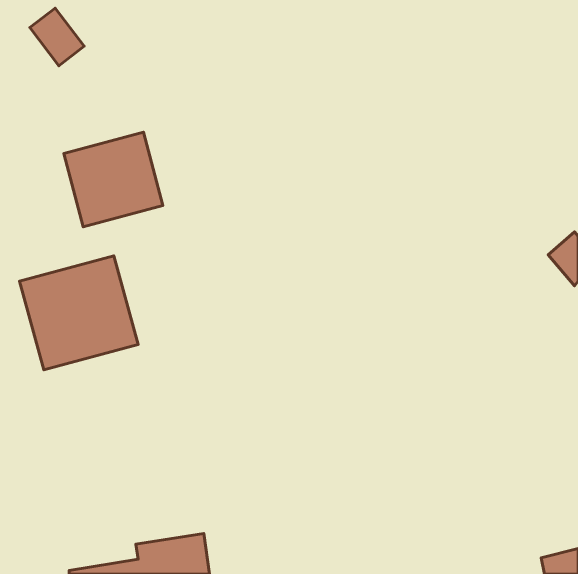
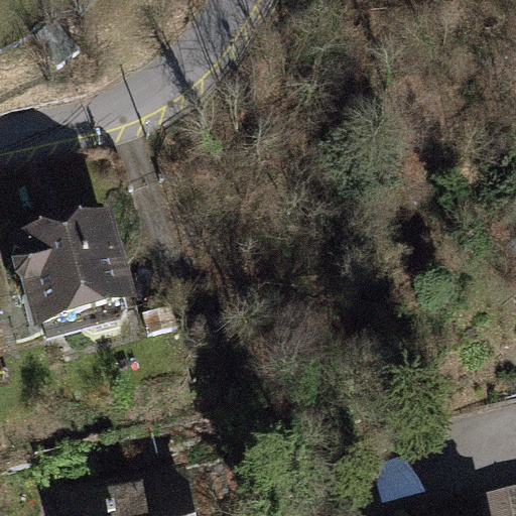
building: [64,132,163,227] -> none

